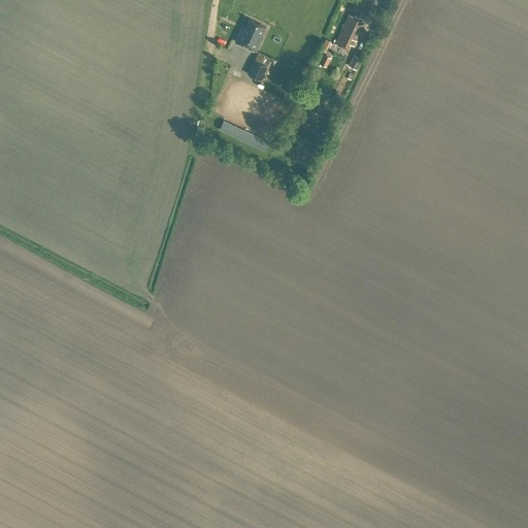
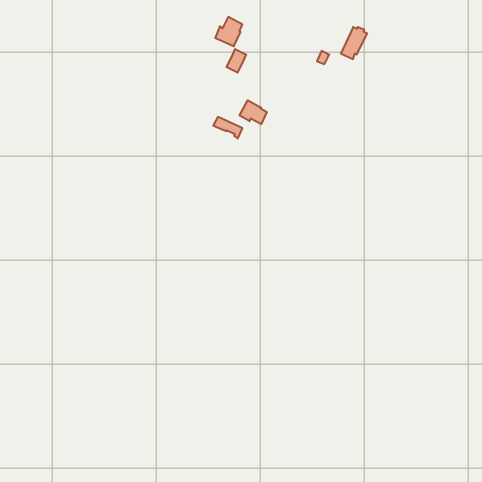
building: [334,15,363,51] -> [341,27,367,59]
building: none -> [239,100,267,124]

